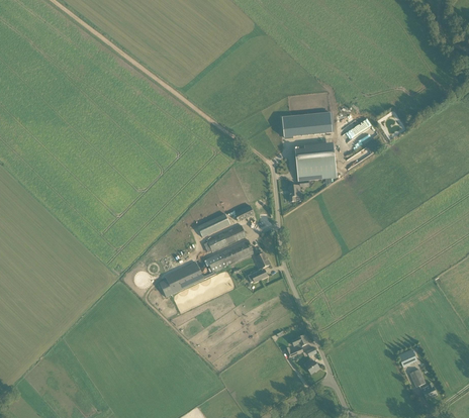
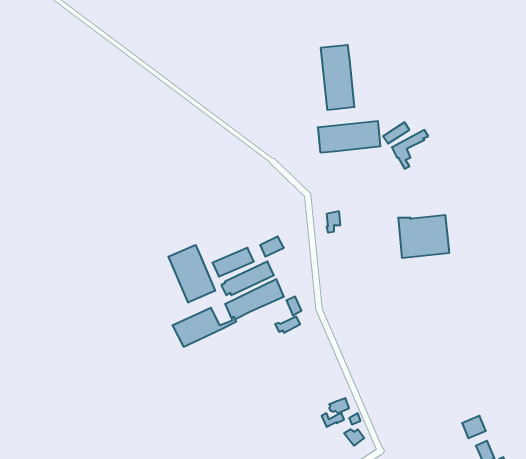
building: none -> [321,45,354,110]
building: [295,147,337,182] -> [398,215,449,258]
building: none -> [168,245,215,303]

